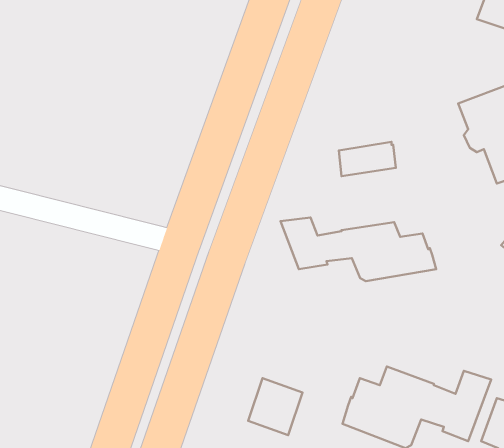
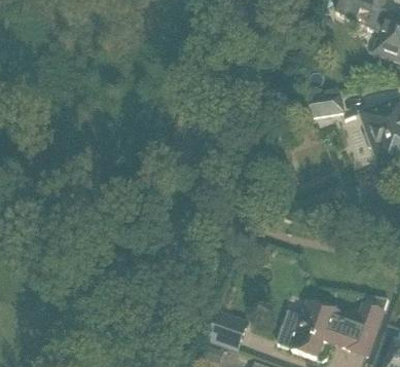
building: [339,142,396,176] -> [301,91,342,116]
building: [280,217,436,281] -> none

